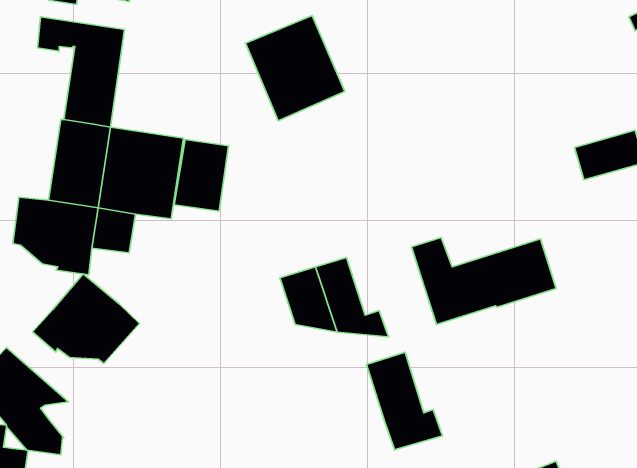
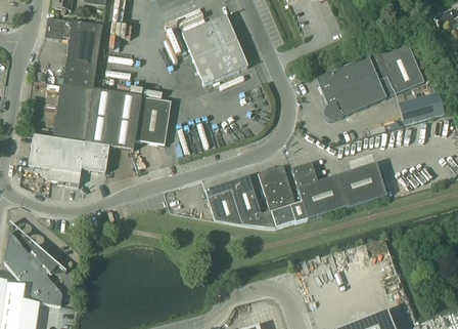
building: none -> [316,39,424,119]
building: [33,274,140,364] -> none
building: [366,352,442,450] -> [258,163,308,228]

